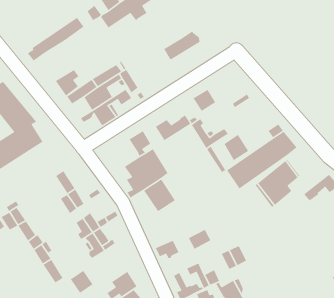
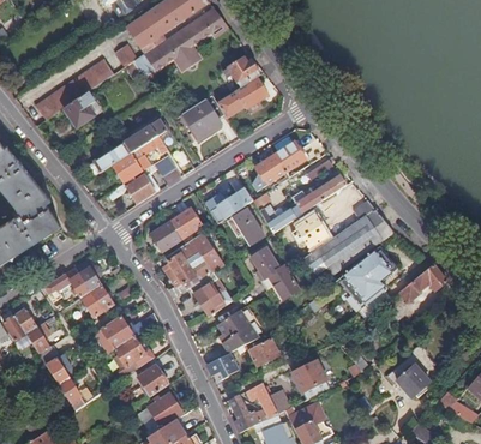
building: none -> [223,54,263,88]
building: none -> [181,95,223,138]
building: [55,69,80,96] -> [62,91,95,127]
building: none -> [275,142,306,173]
building: none -> [291,176,347,214]
building: none -> [230,210,264,245]
building: none -> [150,221,182,252]
building: none -> [251,248,300,300]
building: none -> [42,269,90,302]
building: none -> [217,310,259,353]
building: none -> [386,346,434,397]
building: [70,270,94,294] -> [137,366,168,397]

